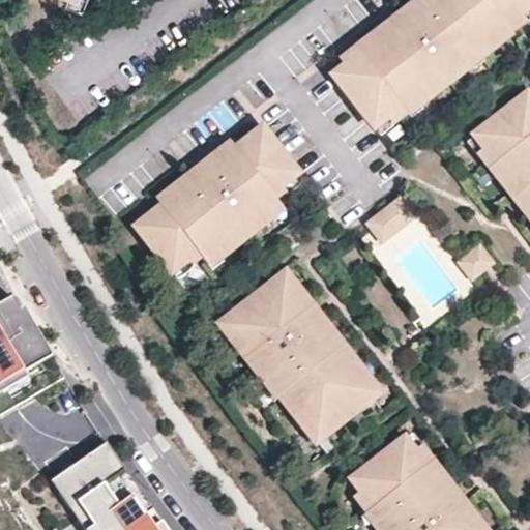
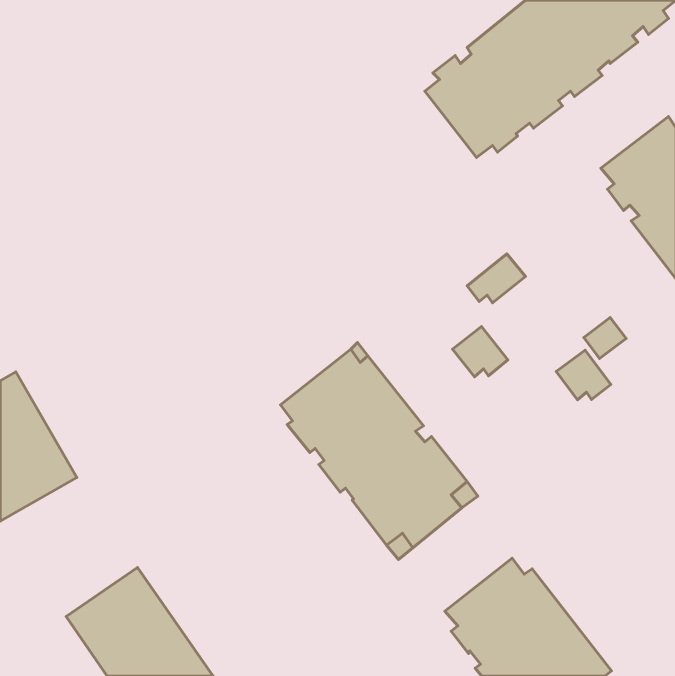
building: [132,124,293,268] -> none
building: none -> [452,327,508,377]
building: none -> [556,350,611,400]

